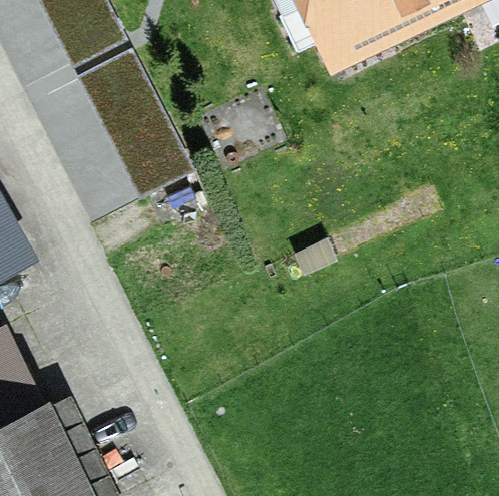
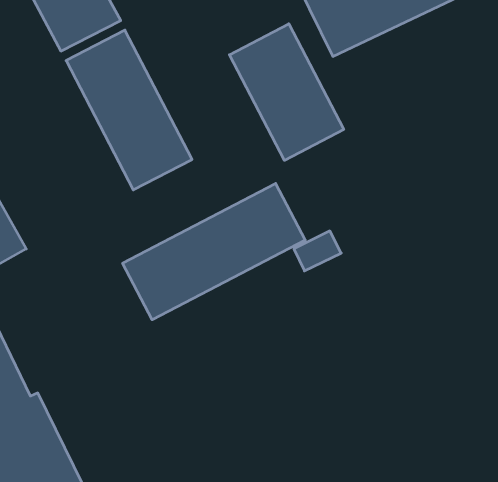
building: none -> [229,24,344,160]
building: none -> [123,183,305,320]

